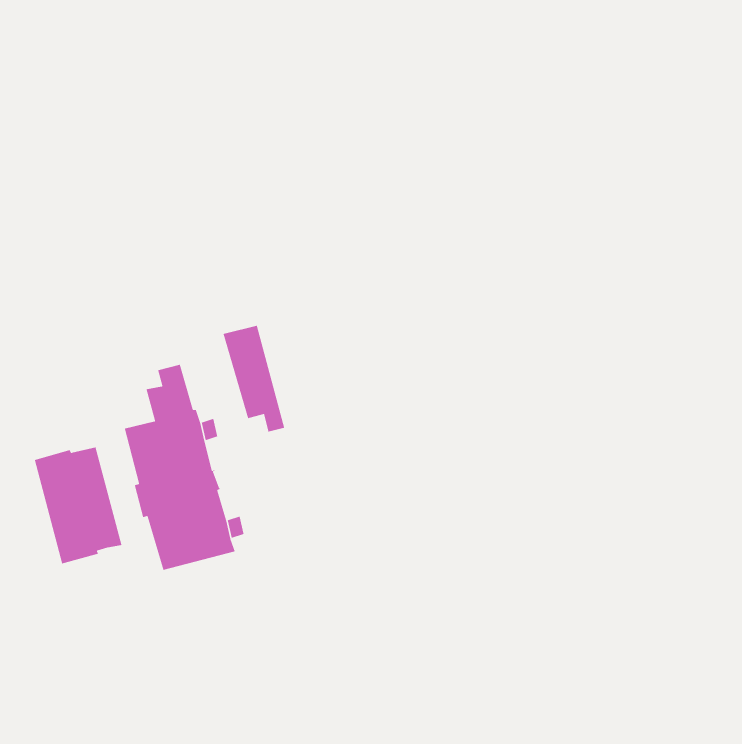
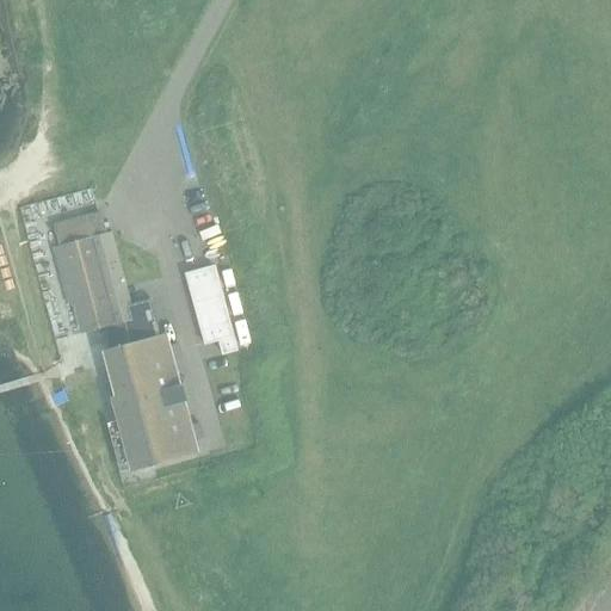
building: [34,446,123,564] -> [58,235,131,332]

